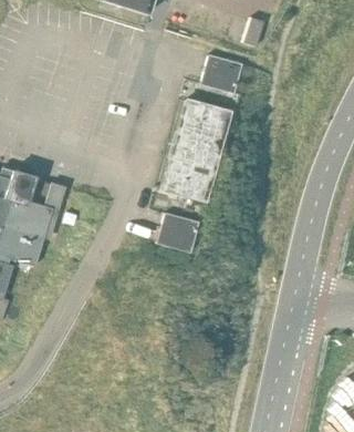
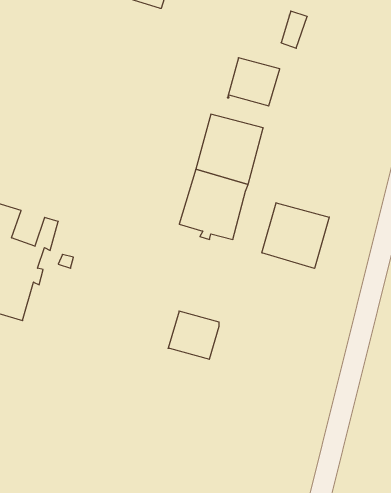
building: none -> [262,203,329,268]
building: [158,213,199,251] -> [168,311,219,359]

